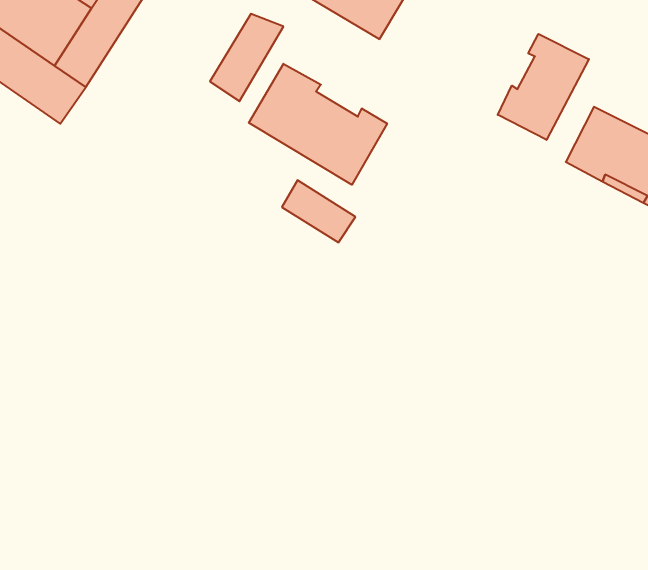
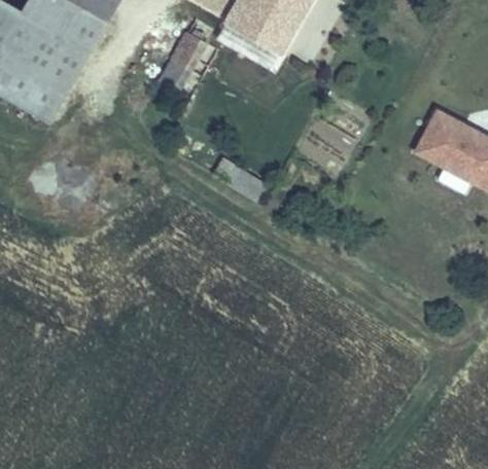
building: [498,34,589,140] -> none
building: [249,64,387,185] -> none

